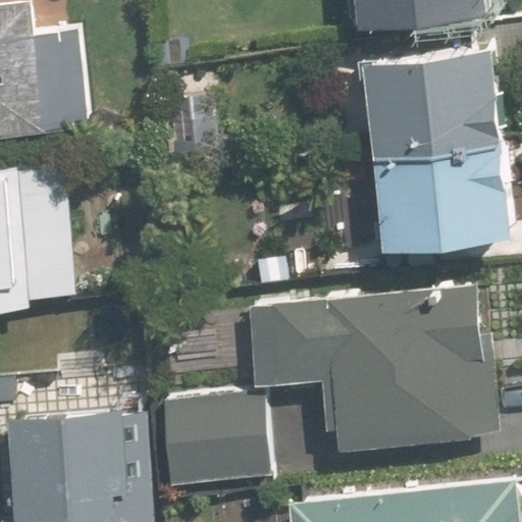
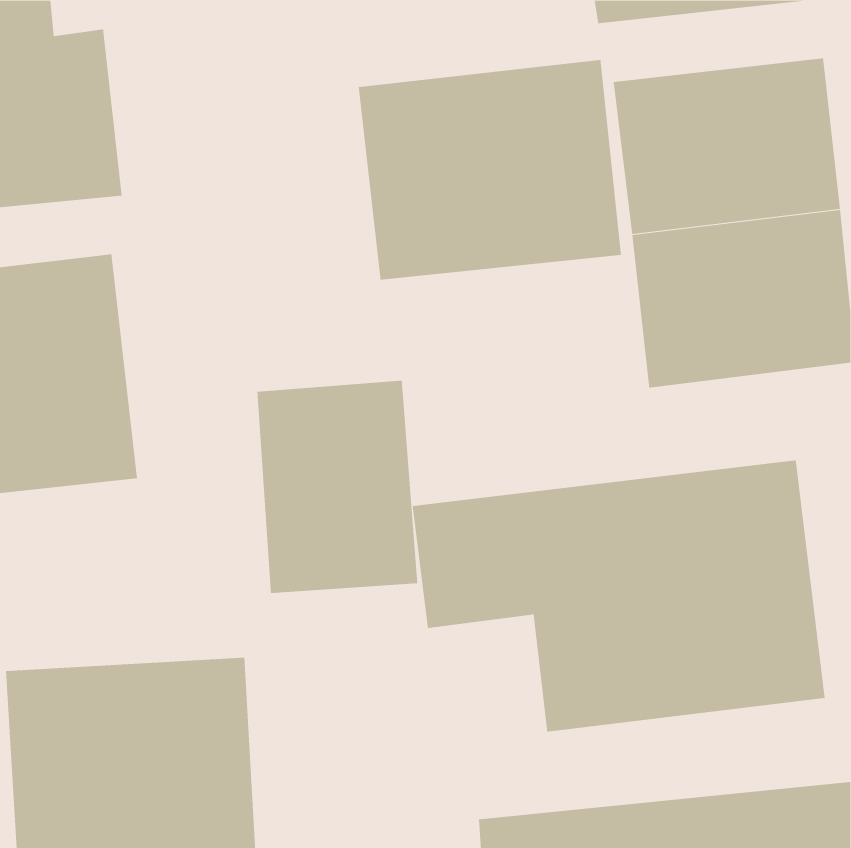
building: none -> [358,59,621,280]
building: none -> [257,380,418,594]
building: [161,398,260,484] -> none

